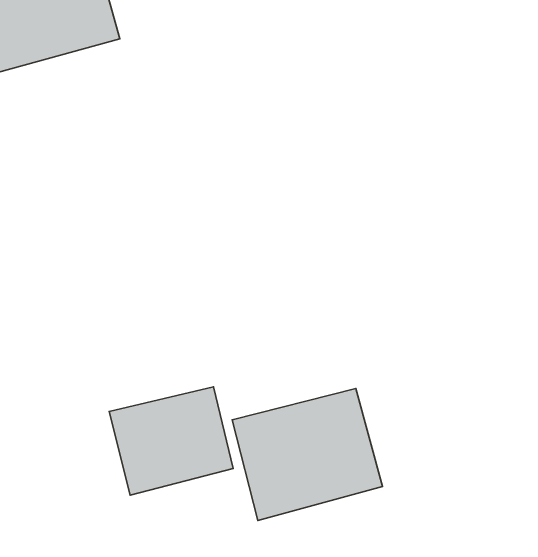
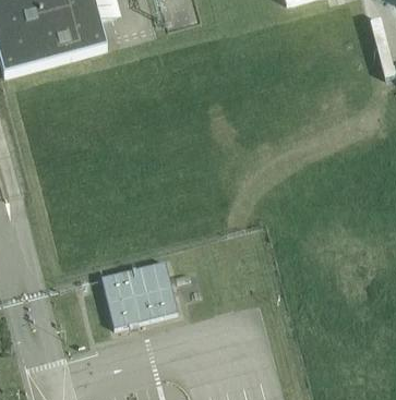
building: [232,389,382,520] -> none

